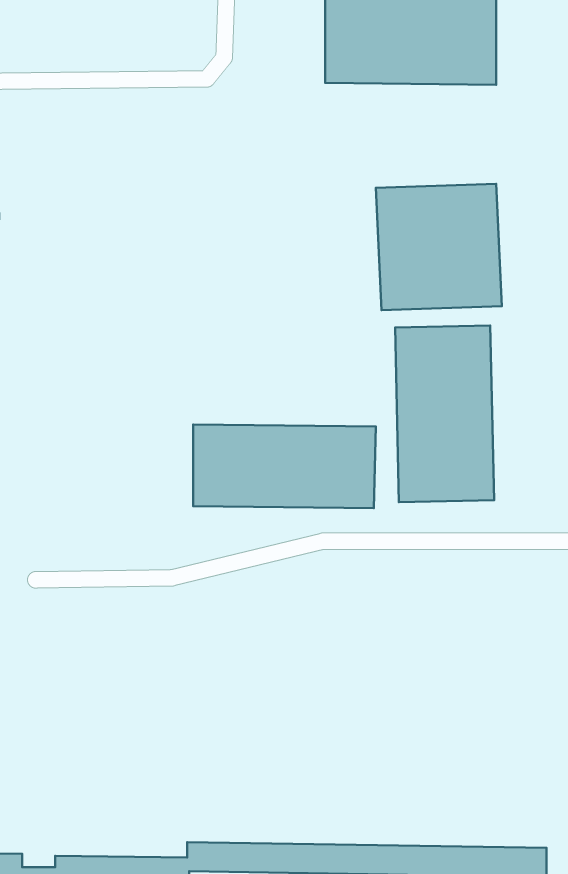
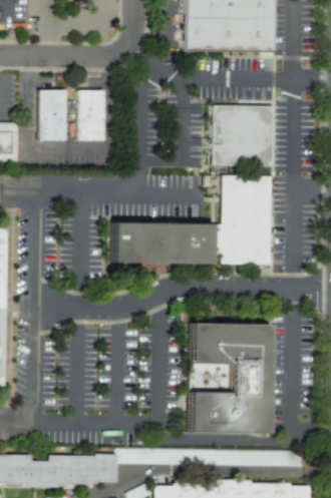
building: none -> [38,89,64,138]
building: none -> [78,89,104,141]
building: none -> [188,321,271,433]

